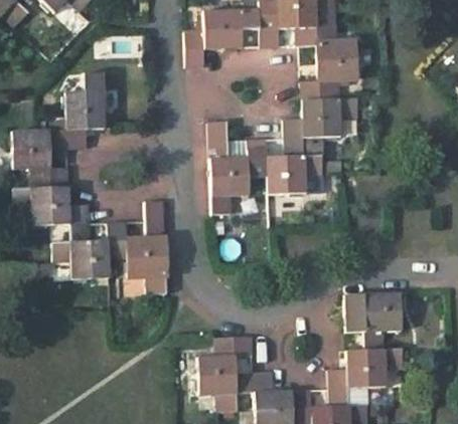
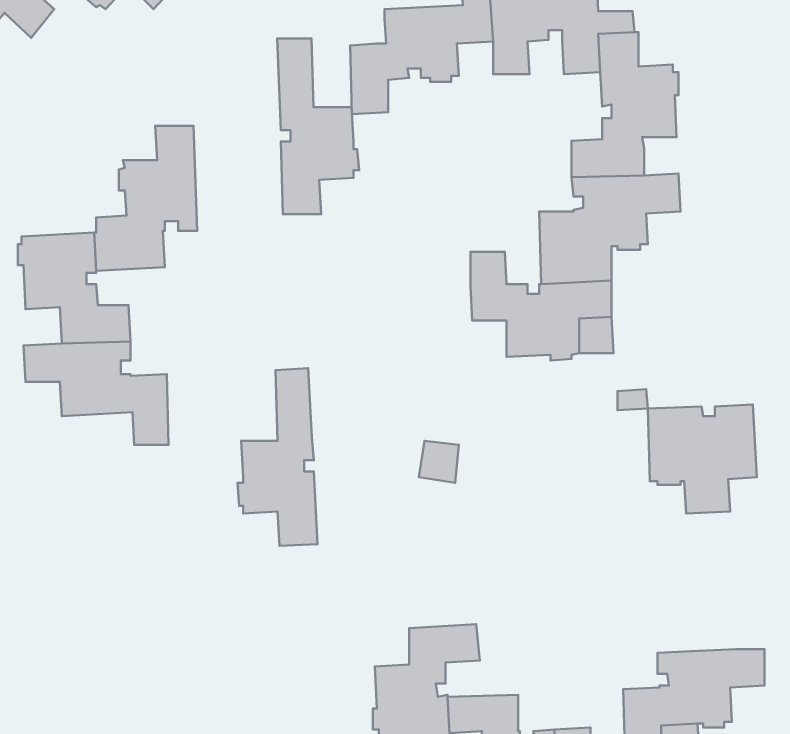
building: [209,121,253,213] -> [277,38,359,214]
building: [53,221,129,280] -> none
building: [345,291,403,349] -> [648,405,757,513]

